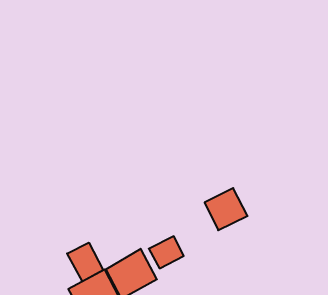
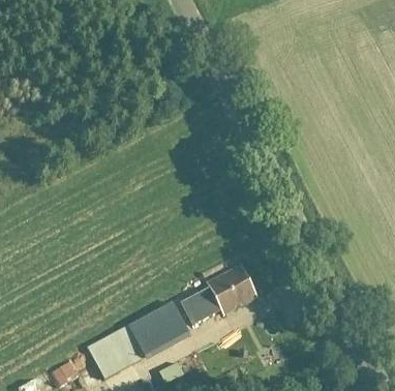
building: [205,188,248,230] -> [209,263,259,311]
building: [67,243,103,281] -> none

